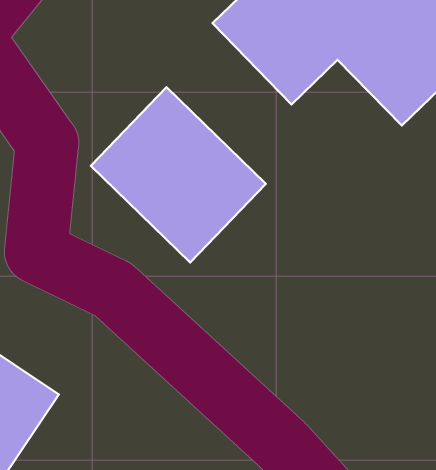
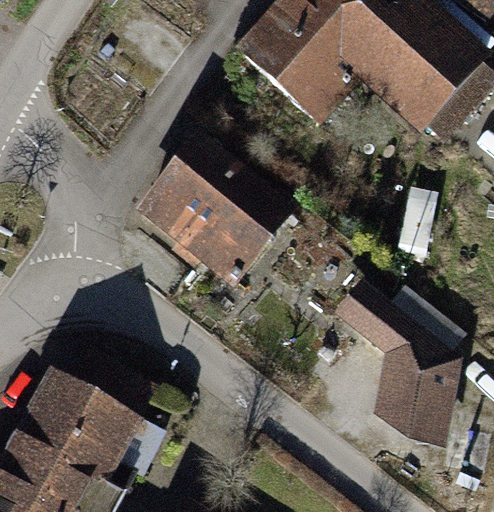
building: none -> [338,278,469,449]

